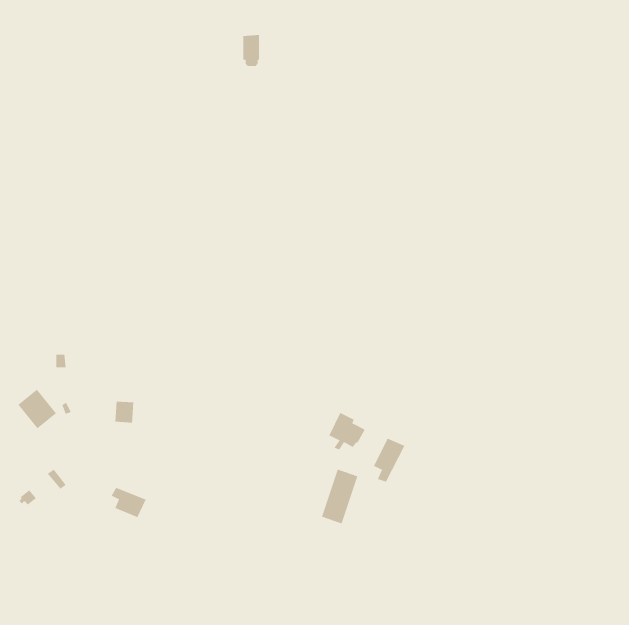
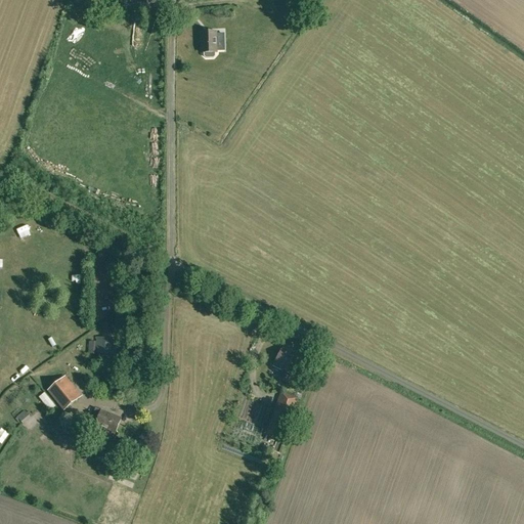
building: [17,389,57,429] -> [48,374,81,407]
building: [373,438,405,482] -> none

